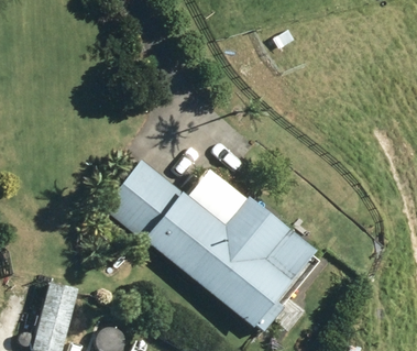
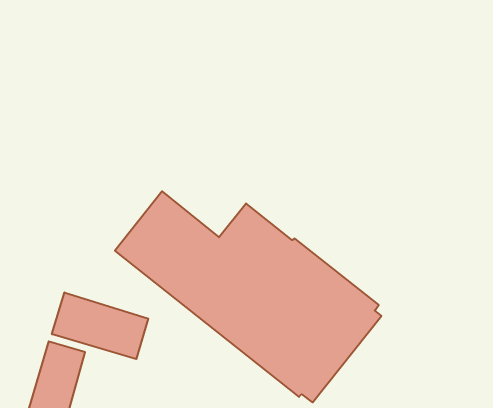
building: none -> [52,292,148,359]

